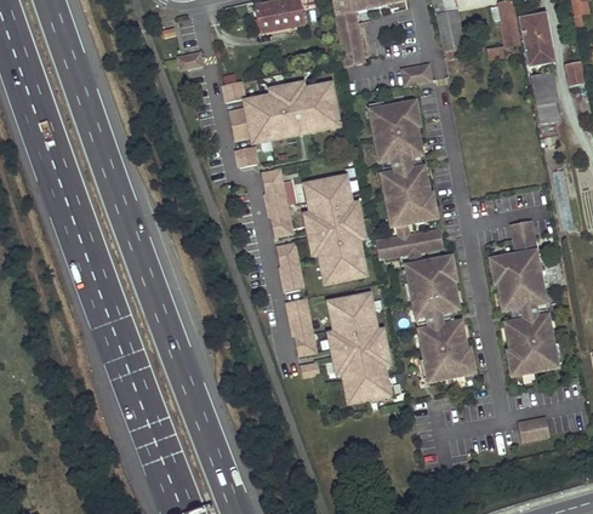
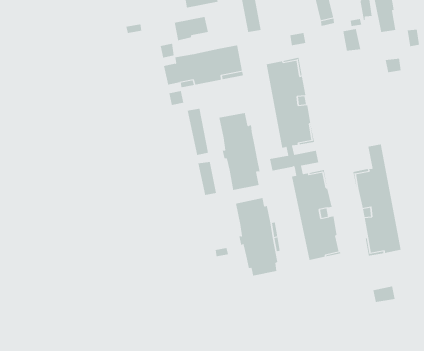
building: none -> [174,16,208,41]
building: [530,72,555,103] -> [343,28,361,51]
building: [286,297,315,354] -> none

